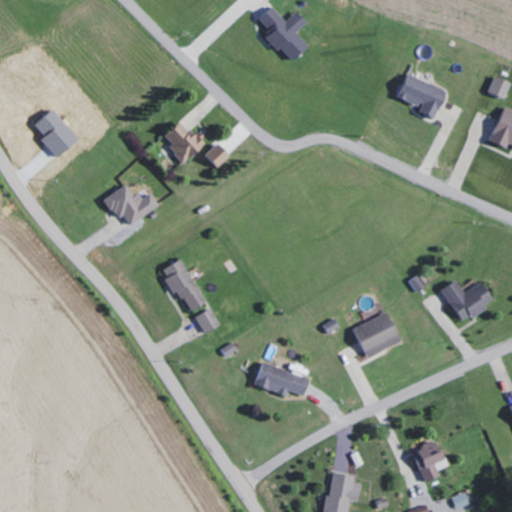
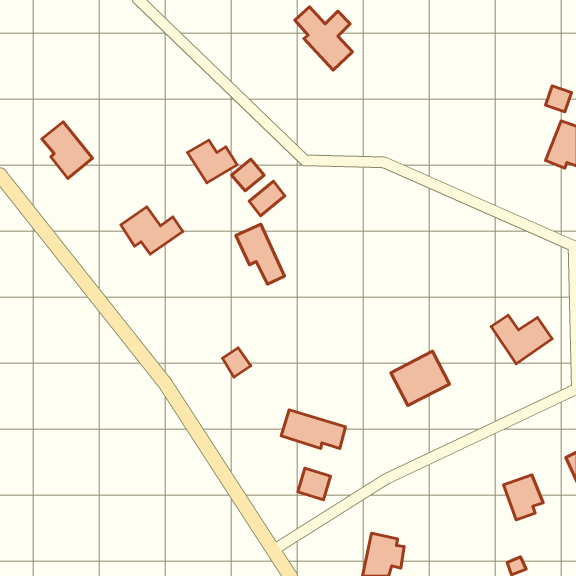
building: [392,73,445,120] -> none
building: none -> [249,181,285,216]
building: [164,258,207,311] -> [236,224,285,284]
building: none -> [298,468,331,500]
building: [409,441,444,481] -> [504,475,543,520]

